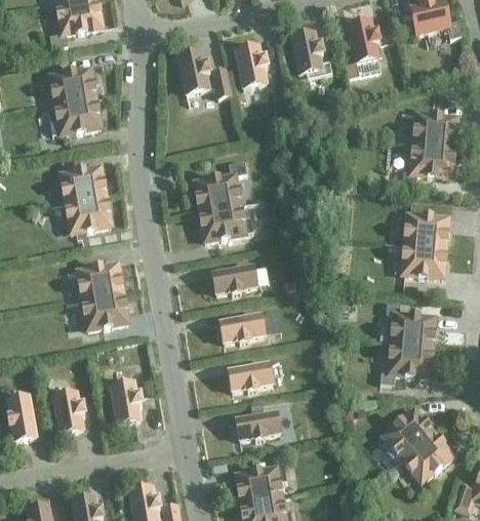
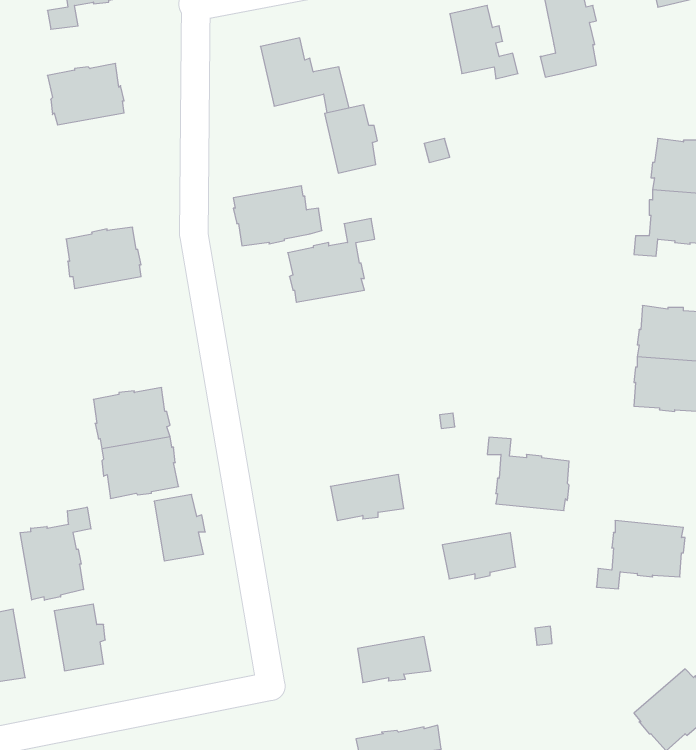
building: [234,46,266,87] -> [325,105,377,173]
building: [49,97,99,134] -> none
building: [65,196,110,232] -> none
building: [198,204,251,240] -> [233,186,322,246]
building: [211,266,255,293] -> none
building: [385,303,434,347] -> [487,437,569,511]
building: none -> [20,507,91,600]
building: [227,363,271,391] -> [442,533,516,579]
building: [110,383,141,423] -> [154,494,205,561]
building: [382,409,432,458] -> none

